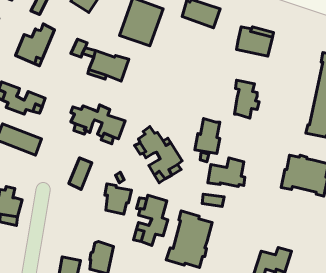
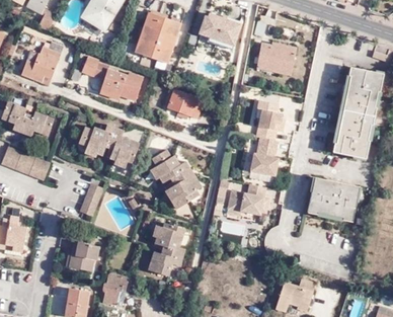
building: none -> [167,90,204,118]
building: [195,118,220,154] -> [249,137,276,174]
building: [105,184,131,214] -> [71,239,99,271]
building: [166,211,212,267] -> none

